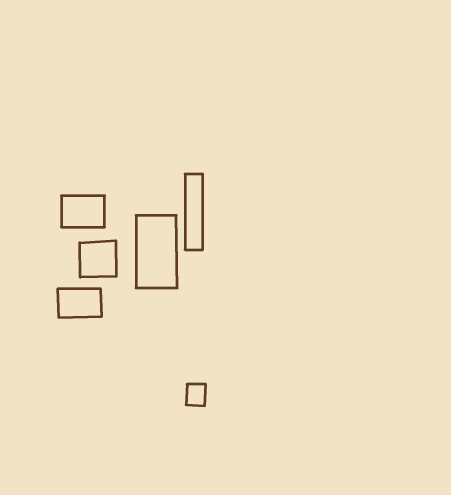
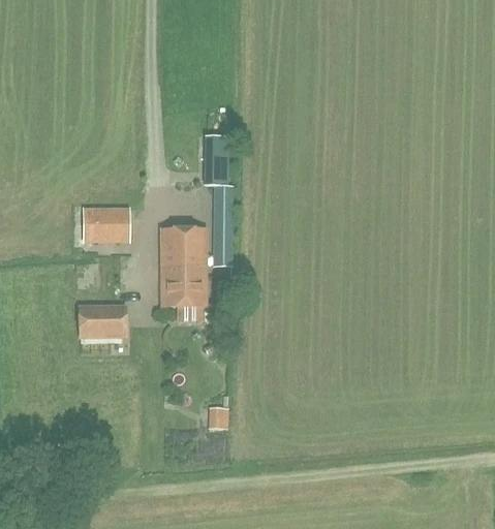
building: none -> [204,136,229,179]
building: [80,241,116,277] -> none

